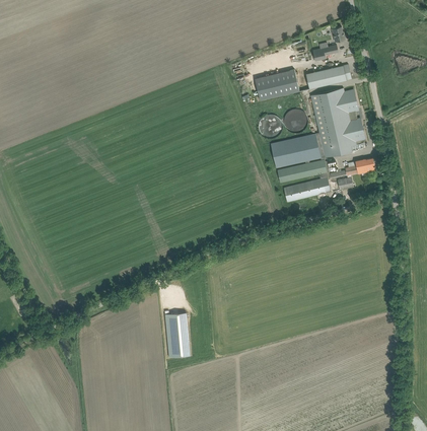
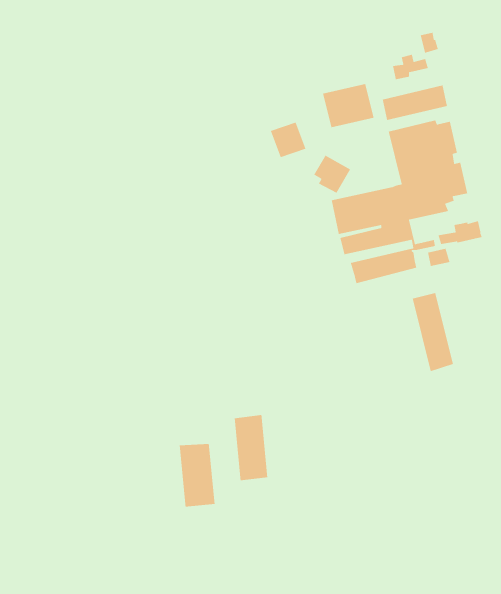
building: [283,107,308,133] -> [270,122,306,158]
building: none -> [412,292,454,372]
building: none -> [234,414,268,481]

